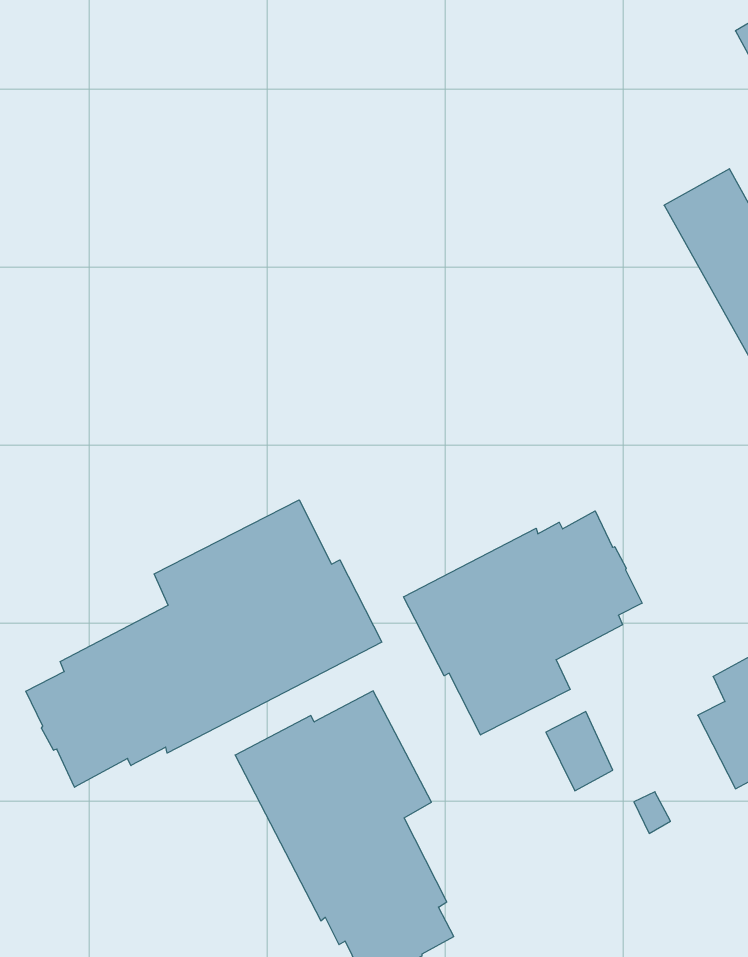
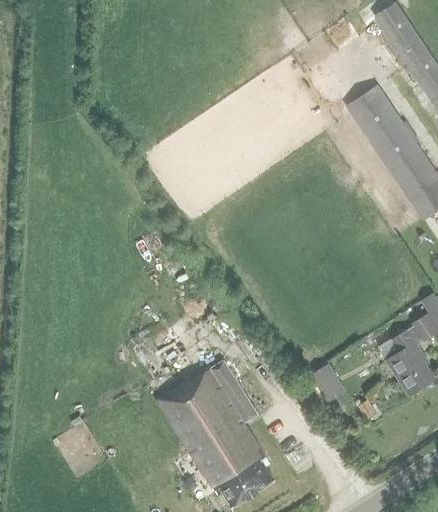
building: [26,500,382,787] -> none
building: [404,511,642,735] -> none

